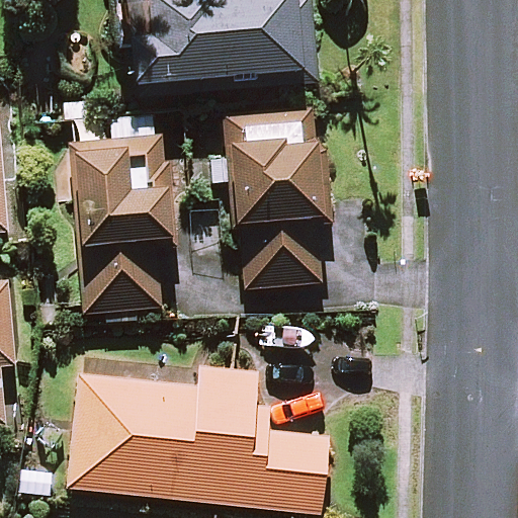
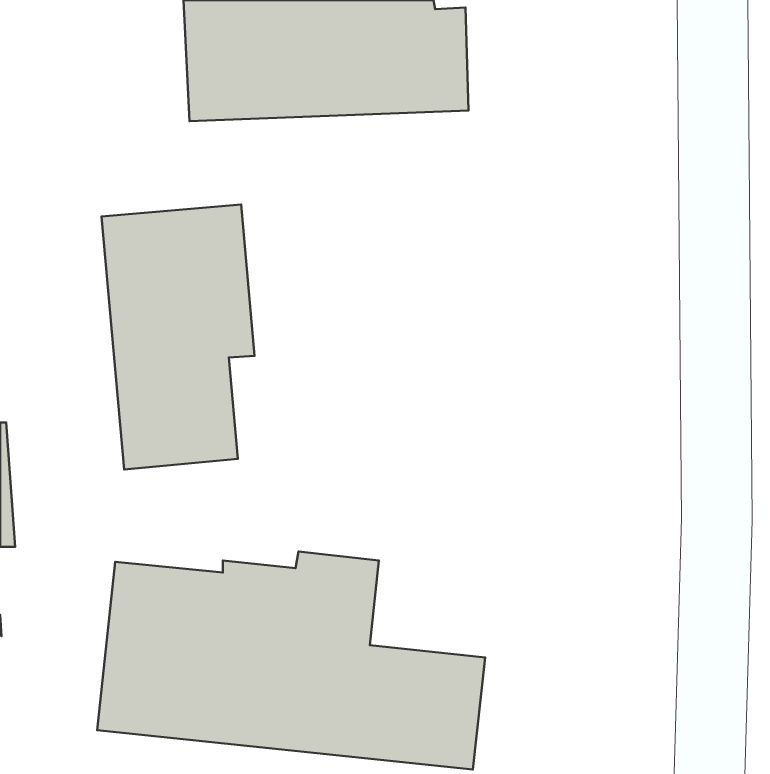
building: [224,107,337,291] -> none

